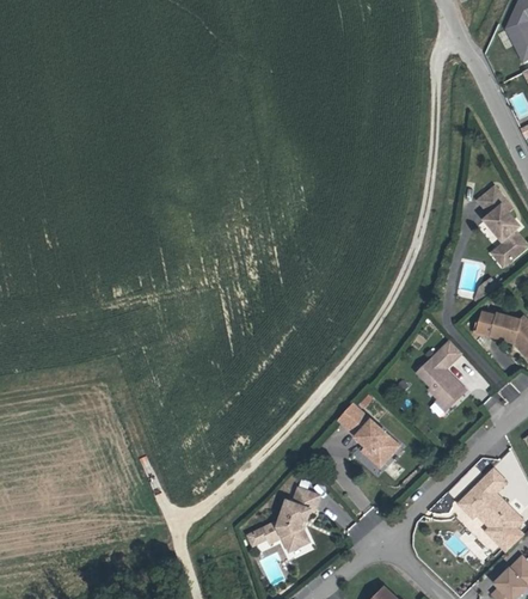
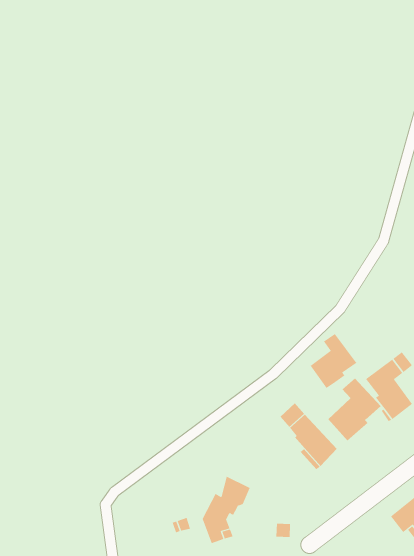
building: none -> [310,333,357,389]
building: none -> [327,378,382,442]

